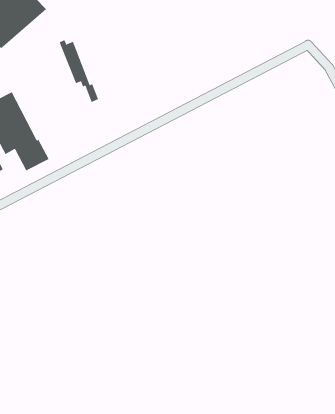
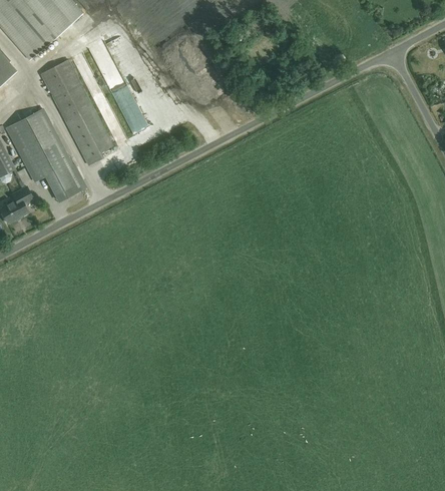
building: none -> [40,59,112,165]

